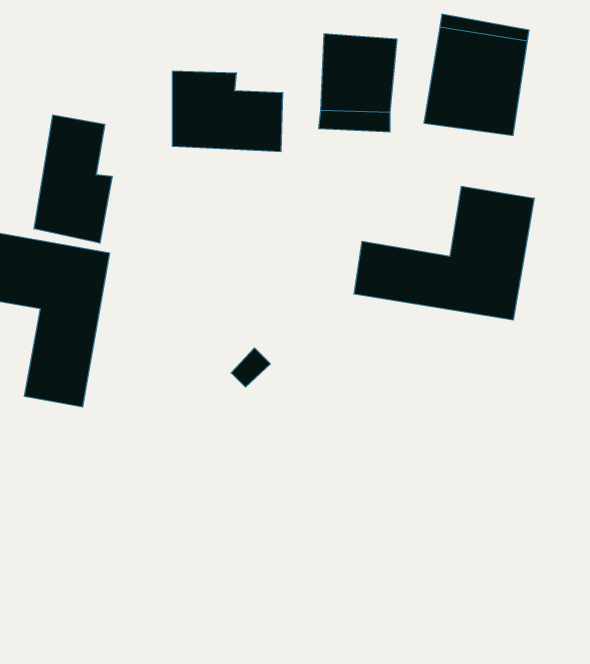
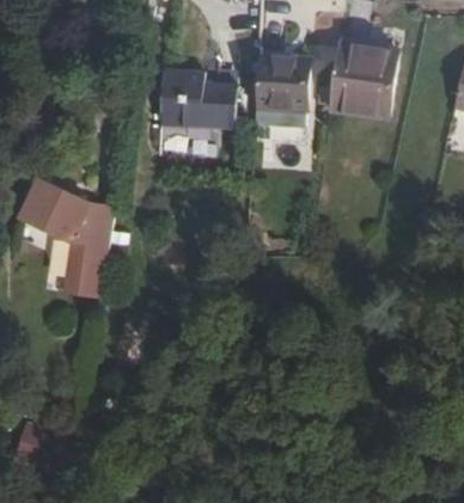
building: [34,115,112,243] -> none
building: [354,186,534,320] -> none

